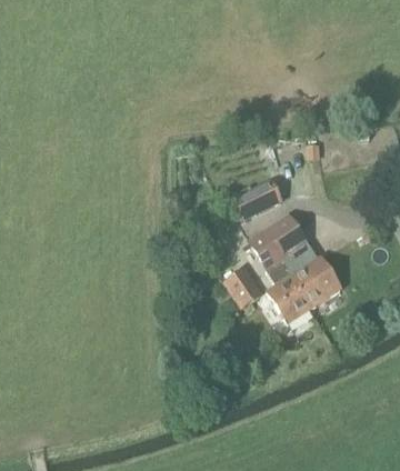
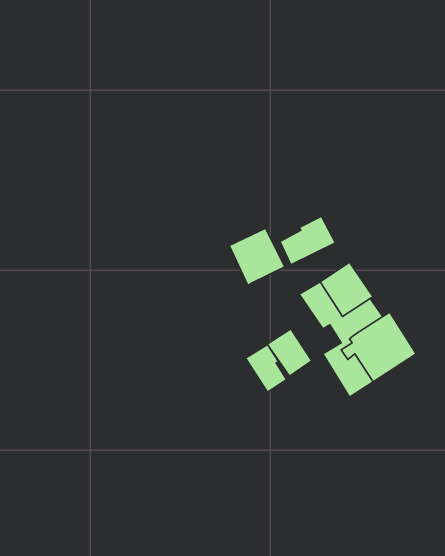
building: none -> [229,228,285,285]
building: none -> [246,345,286,392]

